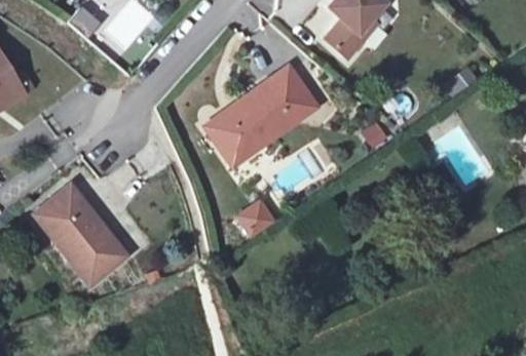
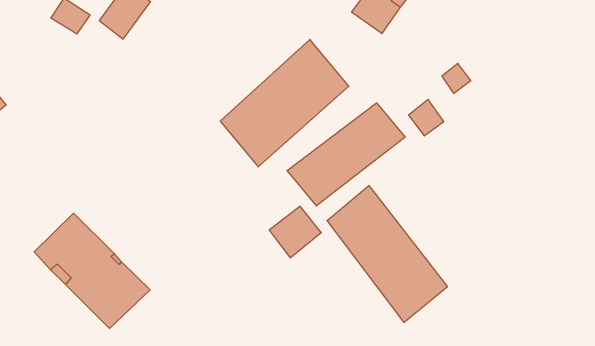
building: none -> [287,103,405,206]
building: none -> [327,185,447,323]

